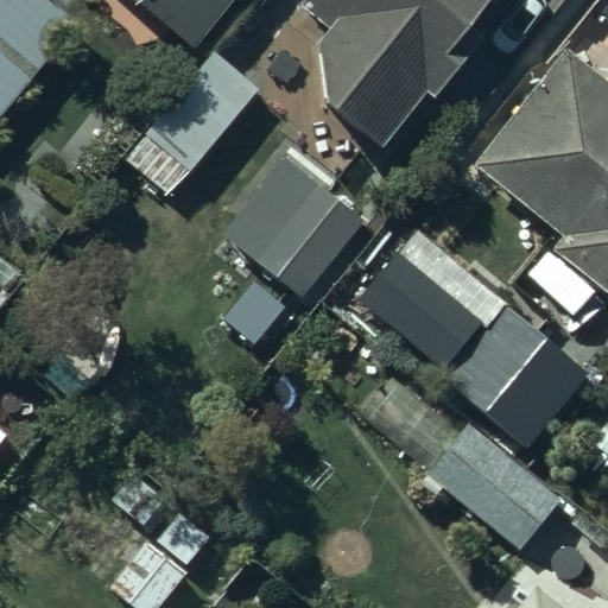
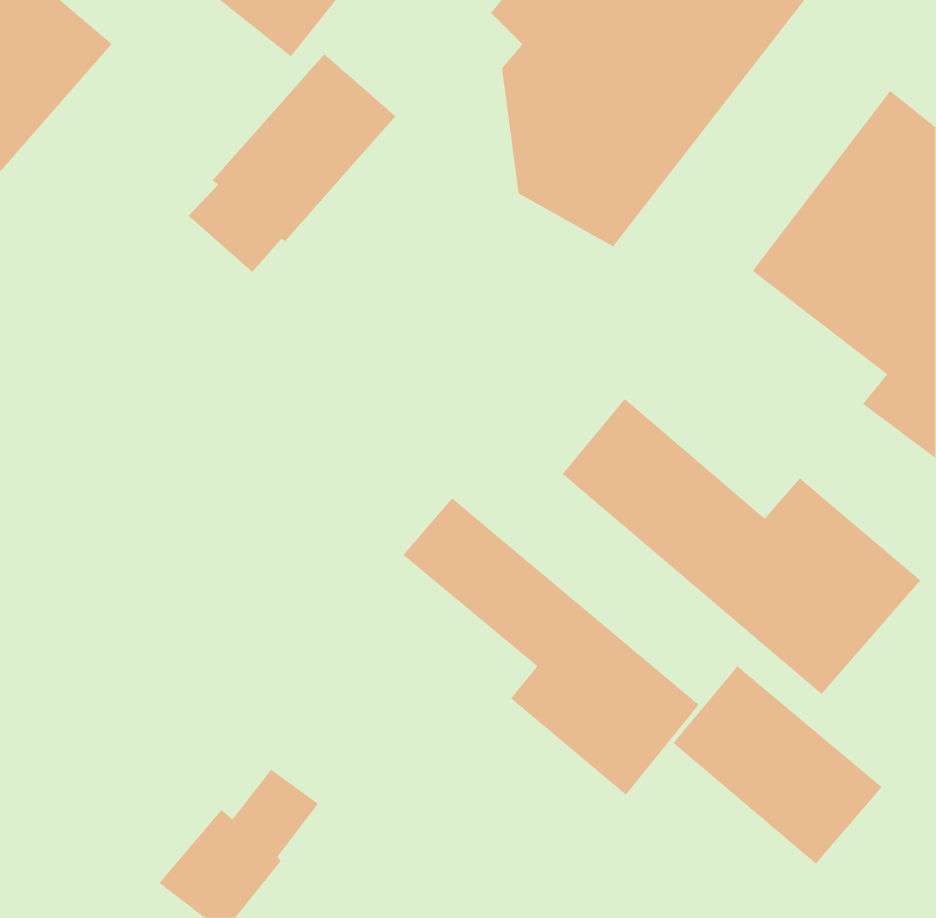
building: [215,138,362,292] -> none
building: none -> [403,498,700,795]

